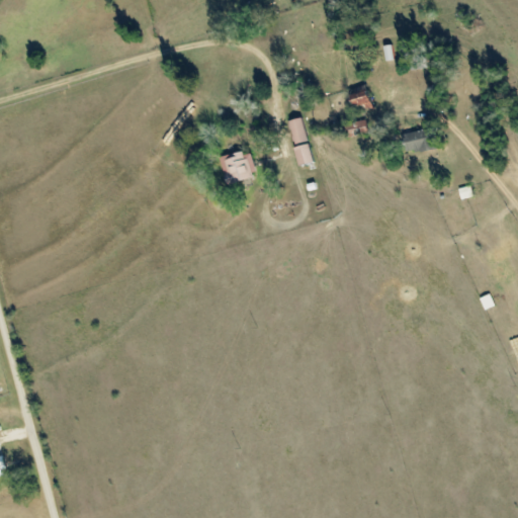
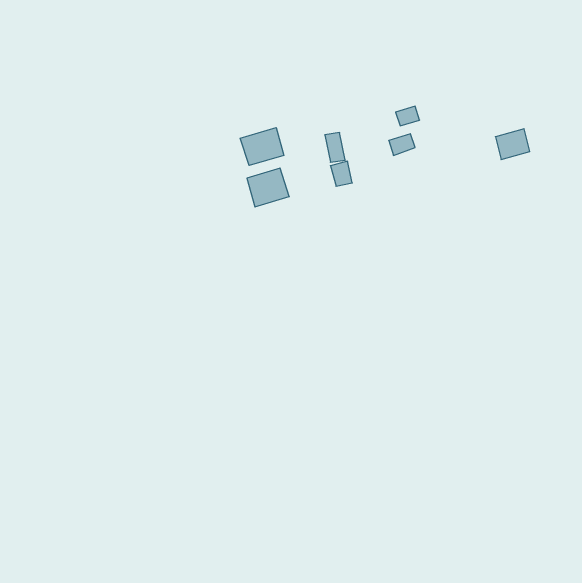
building: none -> [240,128,284,165]
building: [402,127,432,155] -> [495,129,530,160]

